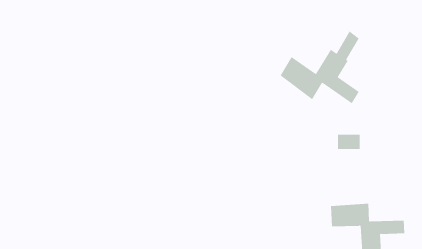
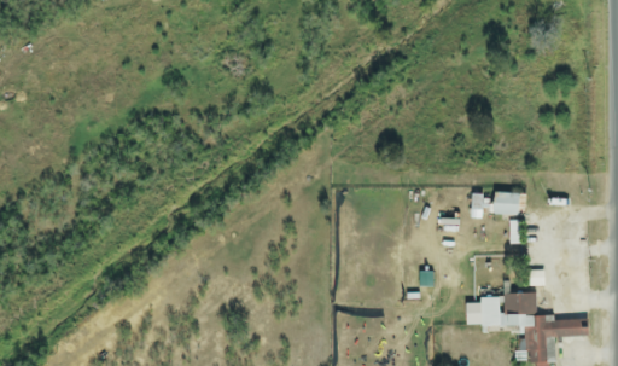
building: [280,31,359,104] -> none

